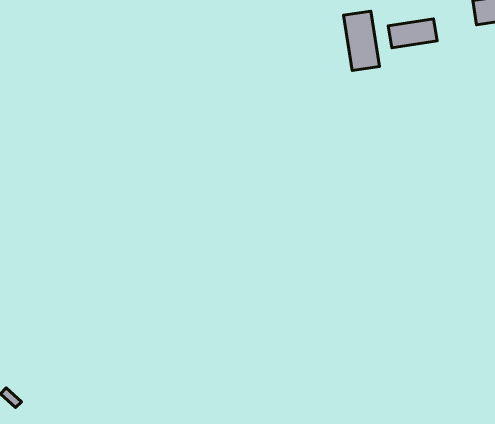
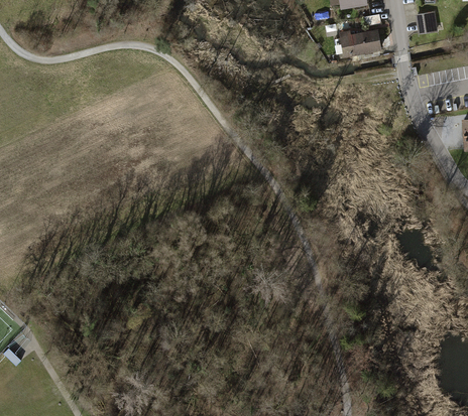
building: [344,11,379,71] -> none

